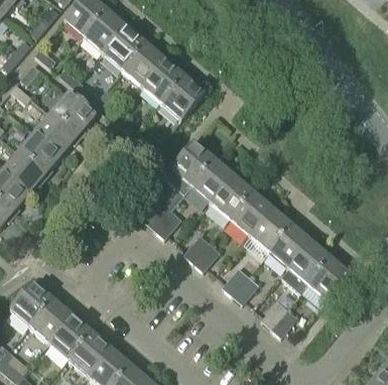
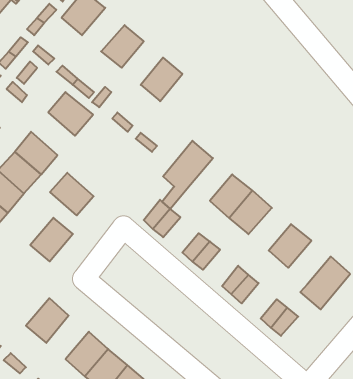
building: [84,10,126,53] -> none
building: [123,43,164,87] -> none
building: [161,76,204,120] -> none
building: [33,114,77,156] -> [50,173,94,215]
building: [191,159,233,202] -> none
building: [249,209,291,251] -> none
building: [288,241,331,284] -> none
building: [9,282,51,326] -> [30,218,73,261]
building: [48,315,91,359] -> none

